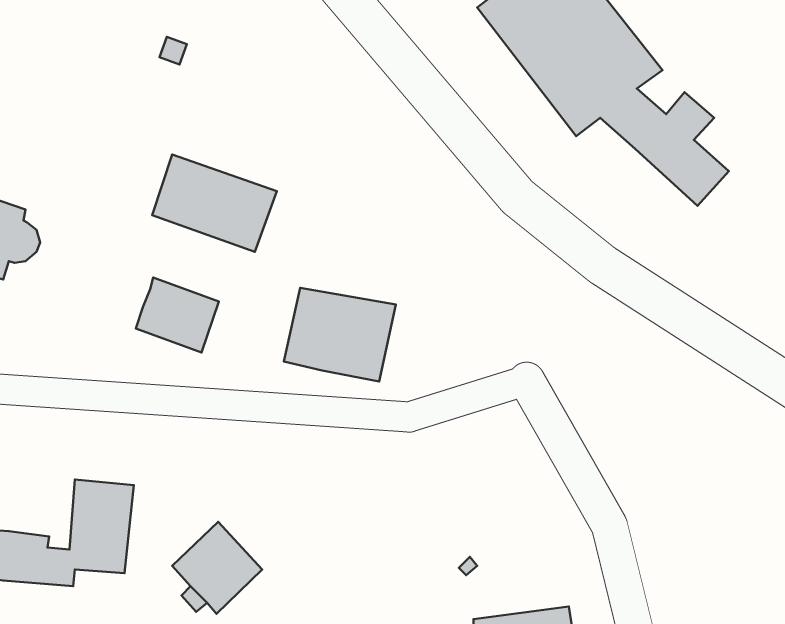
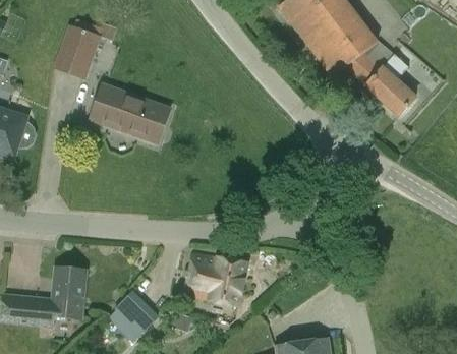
building: none -> [53,22,100,76]
building: [136,278,219,352] -> none
building: [284,288,396,382] -> [185,253,247,305]

